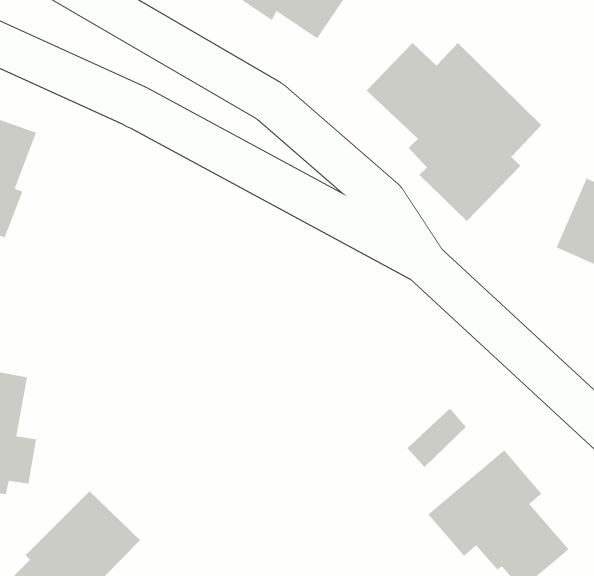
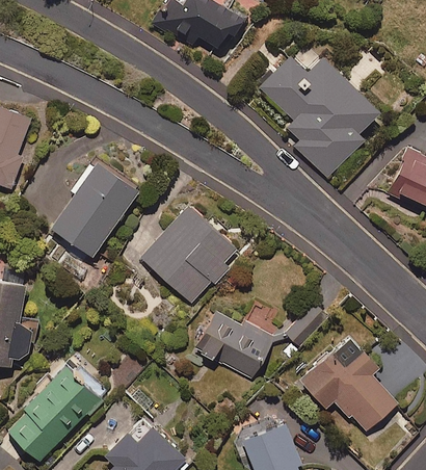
building: none -> [50,159,139,257]
building: none -> [141,206,238,305]
building: none -> [201,308,275,381]

